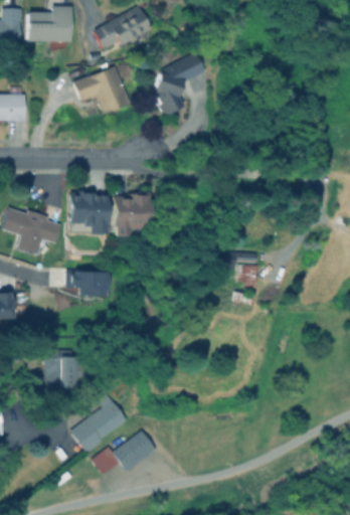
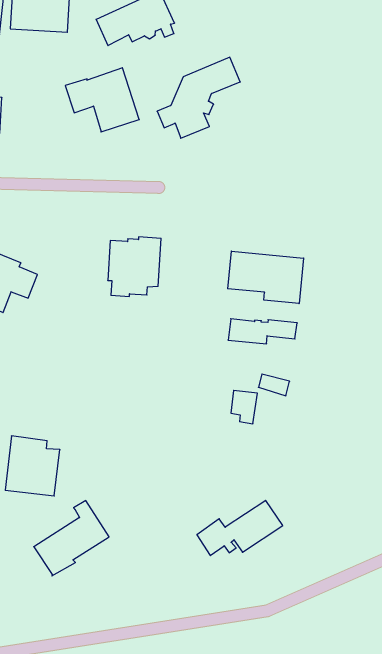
building: [69,192,108,235] -> none
building: none -> [228,251,304,304]
building: [239,265,258,289] -> [231,390,257,424]
building: [66,272,110,294] -> none
building: [92,431,156,475] -> [197,500,283,556]

